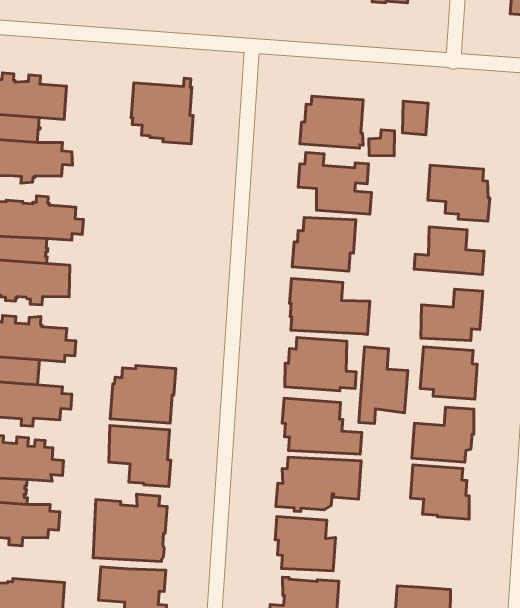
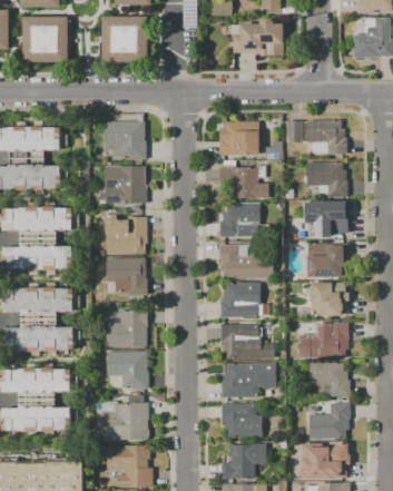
building: none -> [307,121,347,155]
building: none -> [96,166,147,204]
building: none -> [106,217,148,254]
building: none -> [107,259,148,296]
building: [359,347,408,424] -> none
building: none -> [310,403,351,439]

